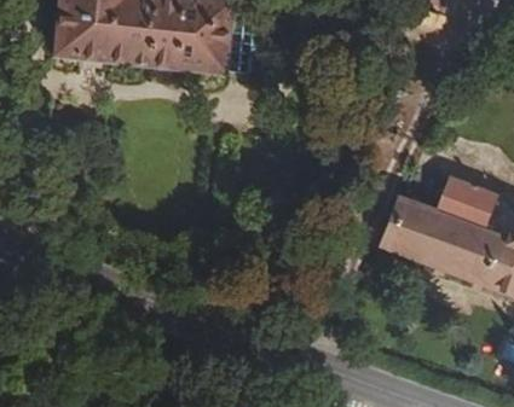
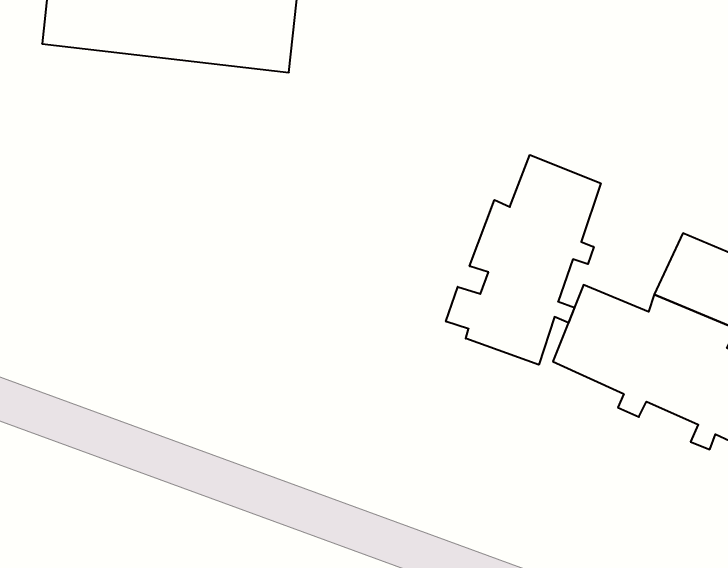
building: none -> [446,155,601,365]

